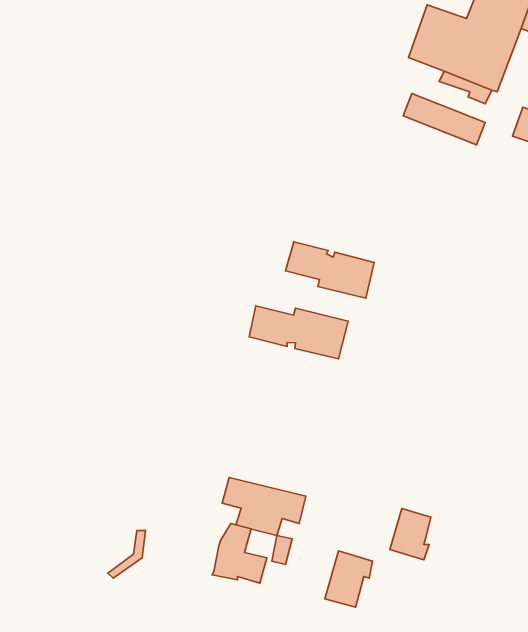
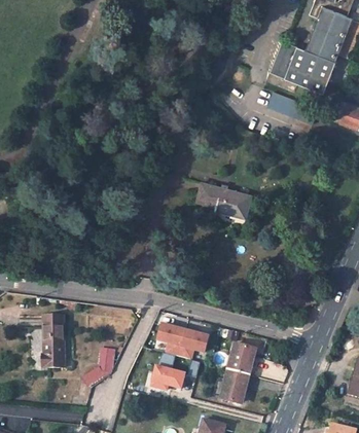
building: [249,306,348,359] -> none
building: none -> [43,315,66,367]
building: [390,509,431,560] -> [228,344,253,374]

